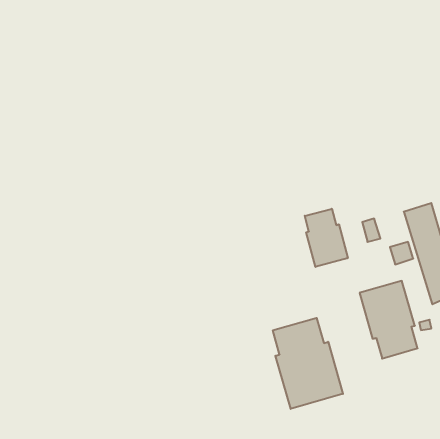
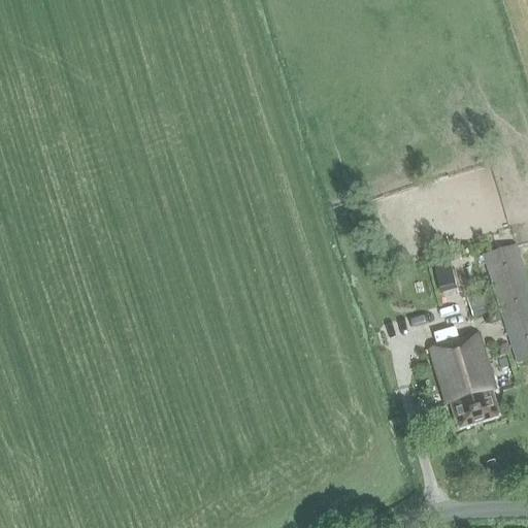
building: [305,209,348,267] -> none
building: [273,318,343,409] -> none

